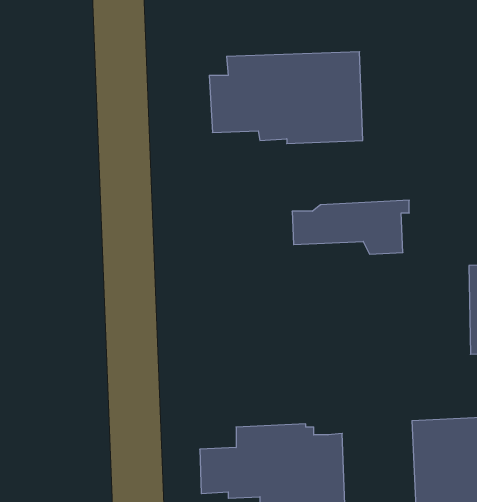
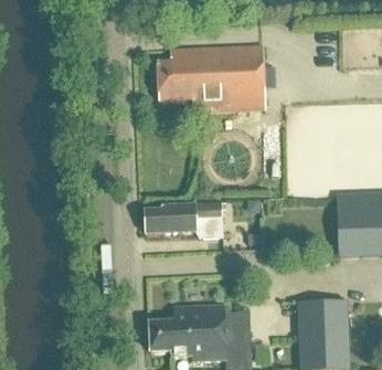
building: [292,200,409,254] -> [145,201,226,239]

